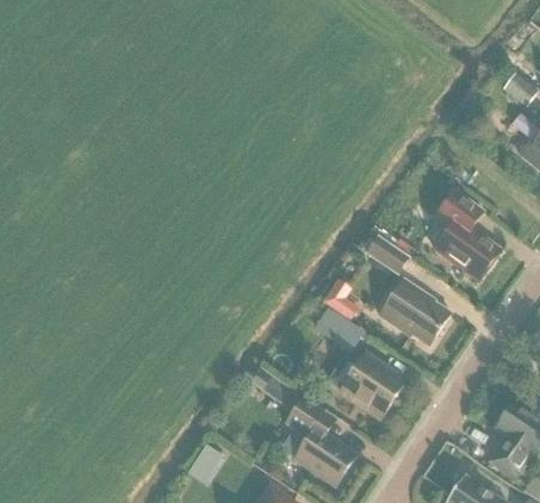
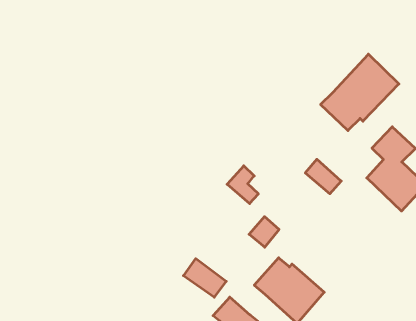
building: none -> [321,54,399,131]
building: [323,278,359,318] -> [227,166,258,204]
building: [380,279,451,346] -> none

